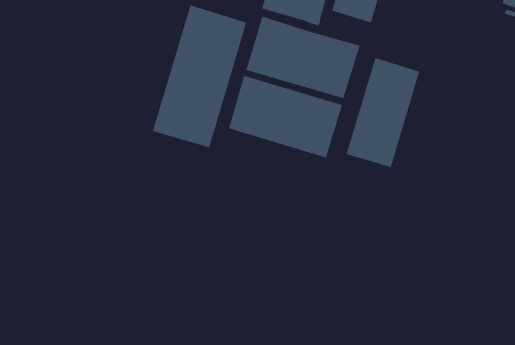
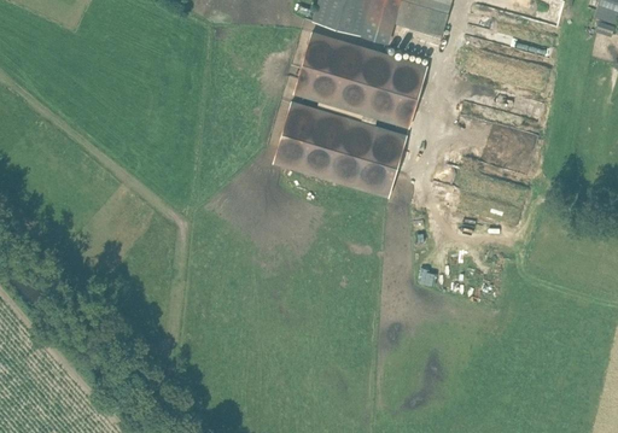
building: [152,4,247,148] -> none
building: [346,57,420,168] -> none

